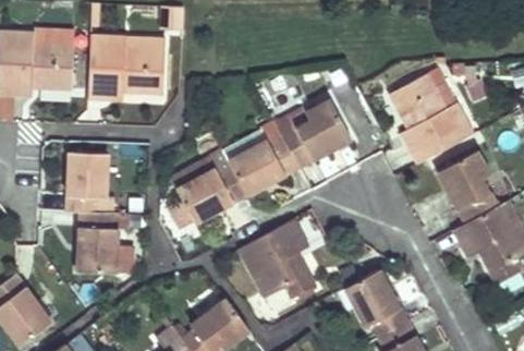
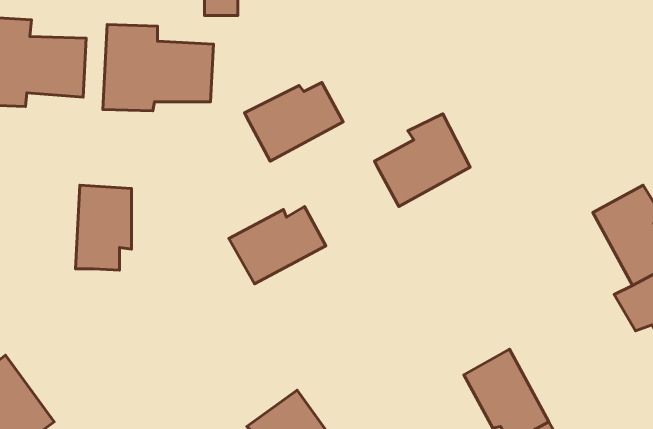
building: [389,74,472,164] -> none
building: [228,138,298,195] -> [244,82,343,161]
building: [77,211,134,273] -> none
building: [239,219,314,312] -> none

